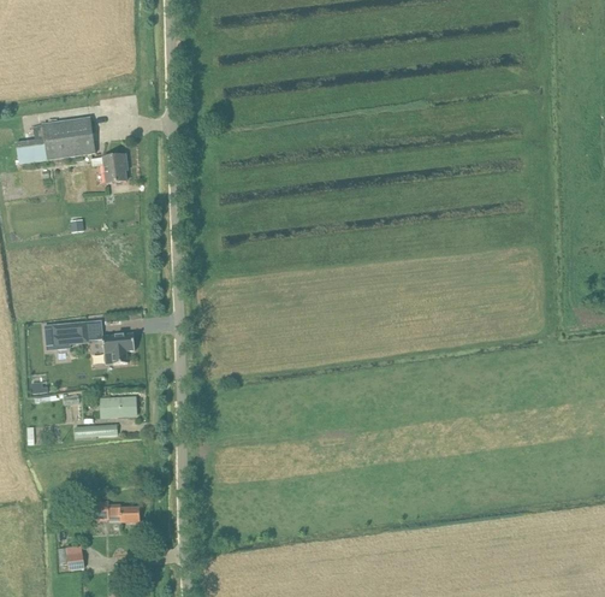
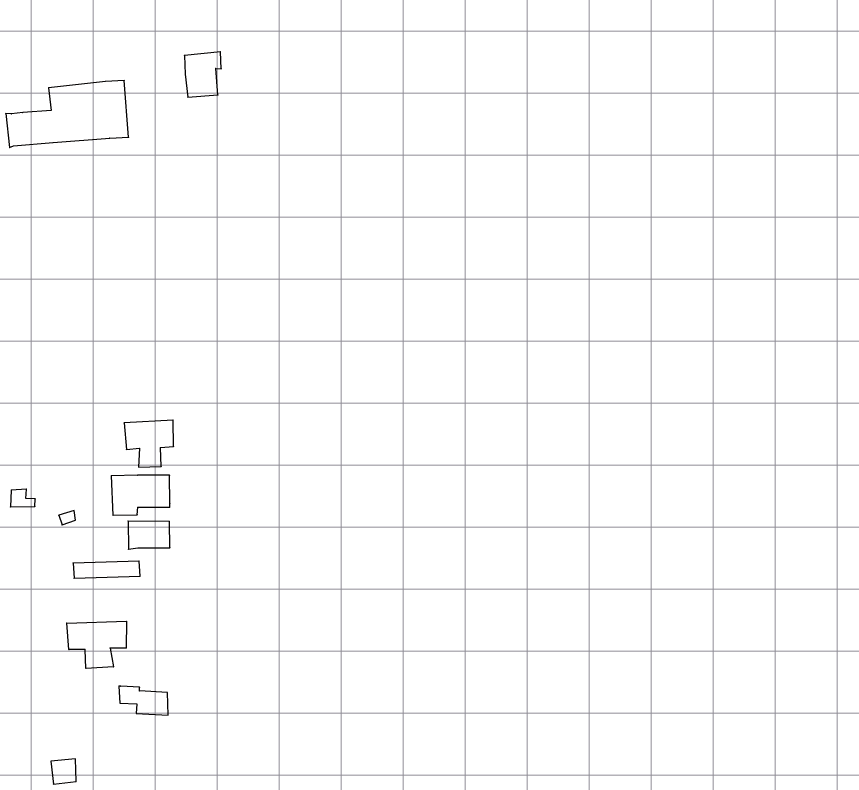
building: [102,153,126,183] -> [184,52,221,97]
building: [51,321,89,349] -> [111,475,170,515]
building: none -> [67,621,126,668]

